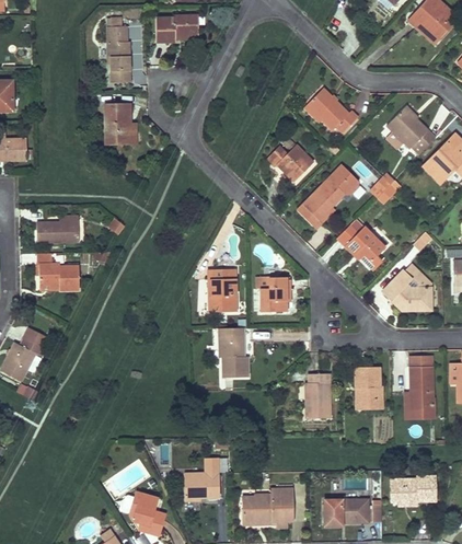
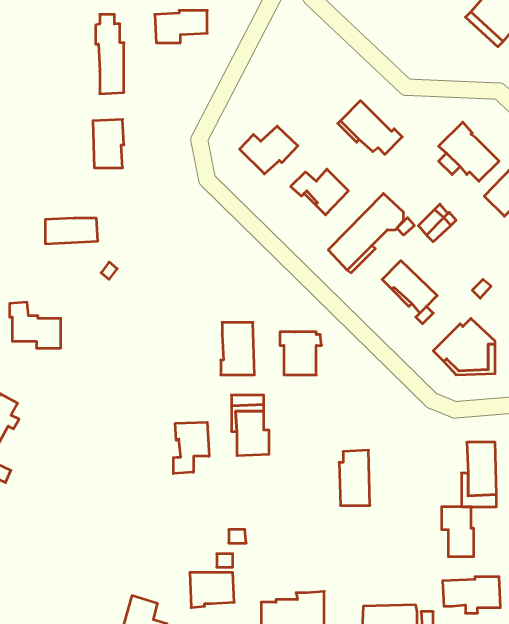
building: none -> [240,126,298,174]
building: [37,222,80,243] -> [45,218,98,244]
building: none -> [173,422,209,474]
building: [356,368,382,408] -> [442,507,474,557]

